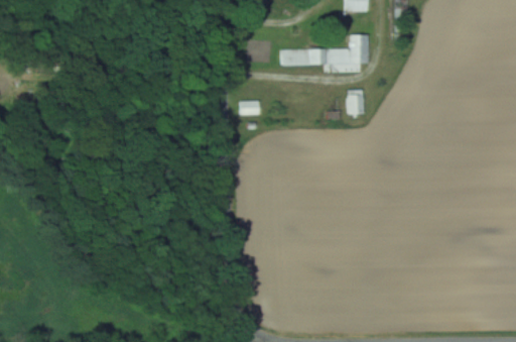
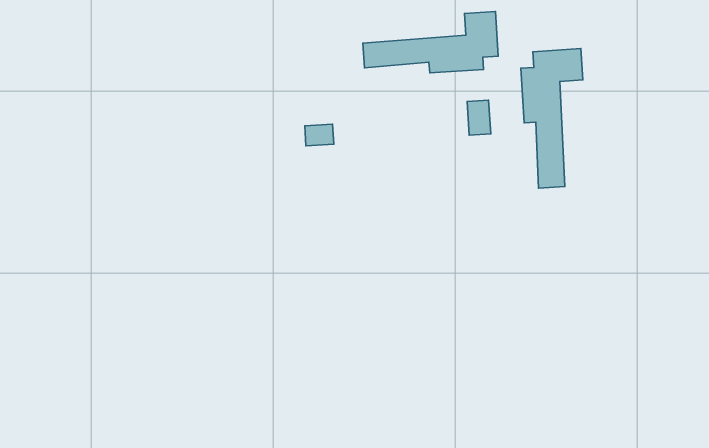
building: none -> [521,49,583,188]

